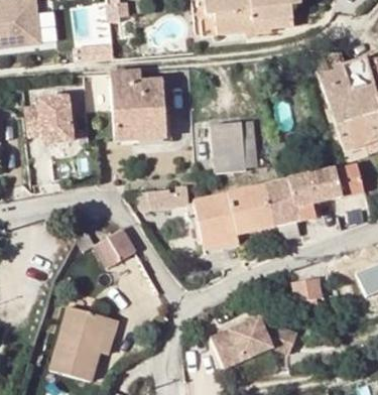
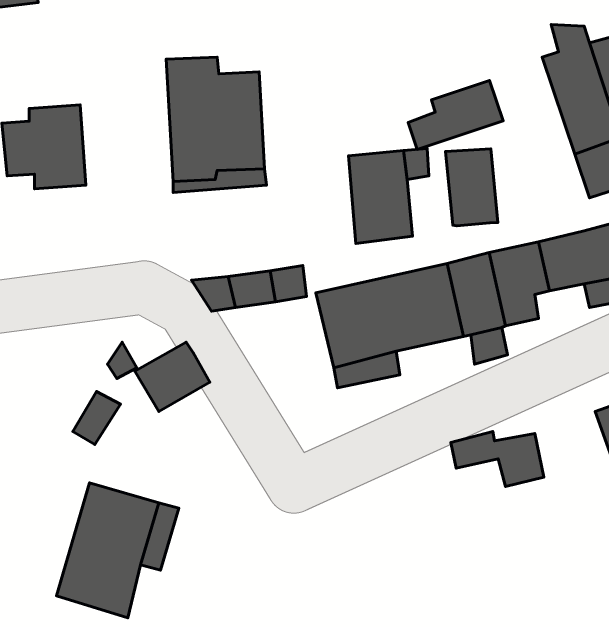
building: none -> [408,81,503,149]
building: none -> [446,149,498,226]
building: [212,319,299,370] -> none

